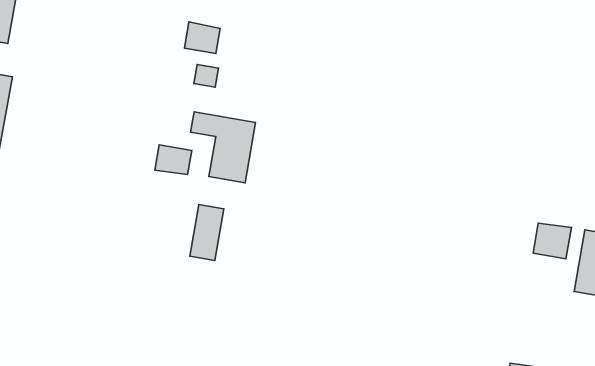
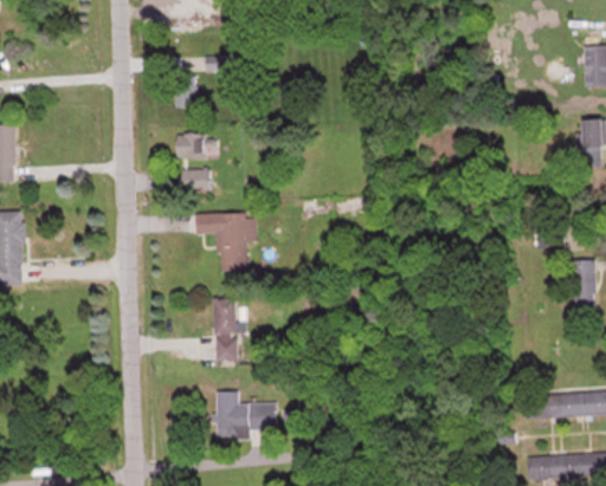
building: [155,145,192,174] -> none
building: [533,223,571,259] -> none
building: none -> [215,391,277,432]

